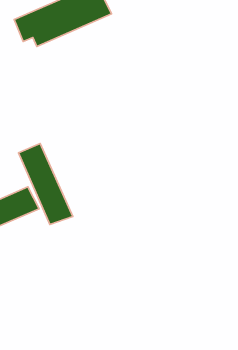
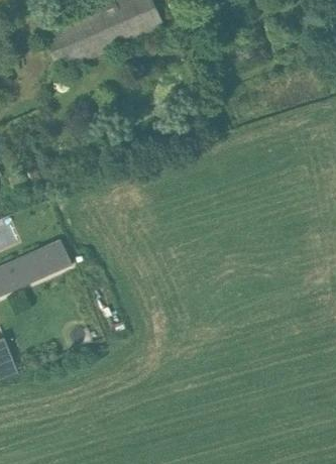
building: [18,143,73,225] -> none

